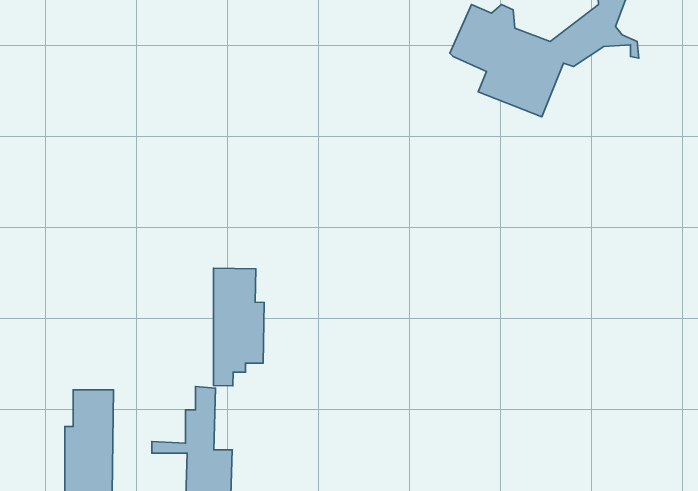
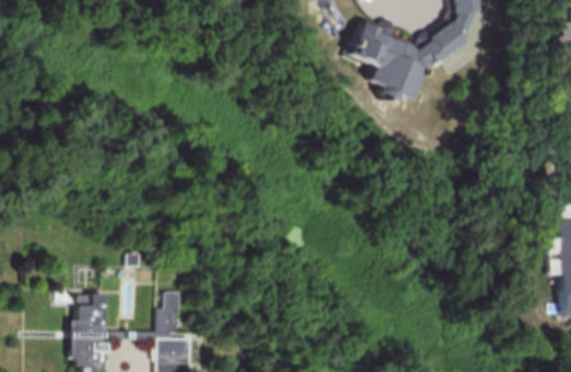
building: [214,268,264,386] -> none

